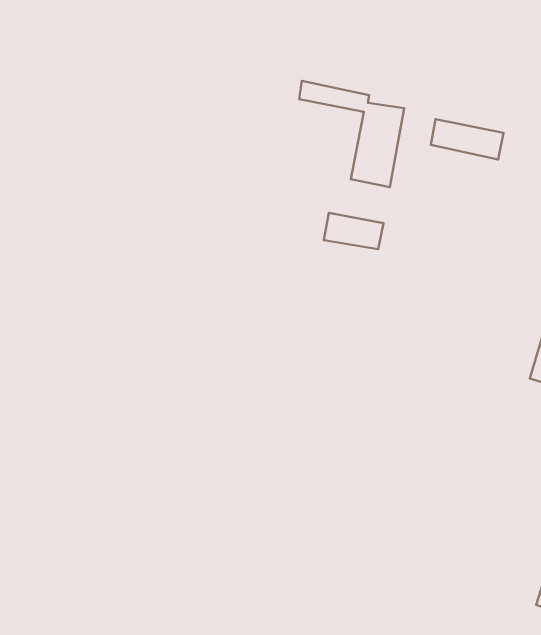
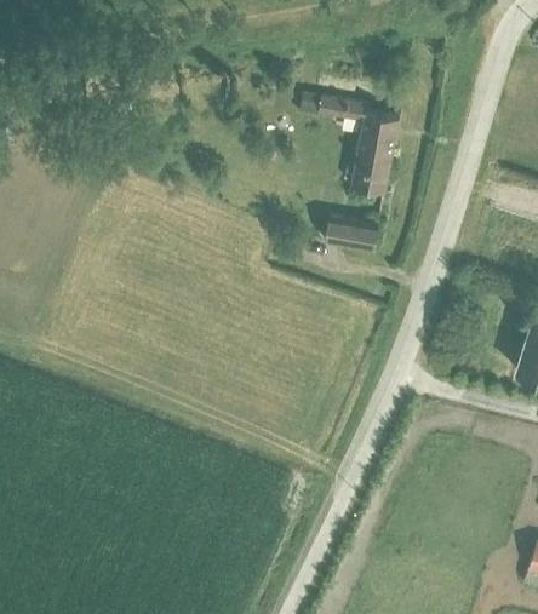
building: [431,119,503,160] -> none

